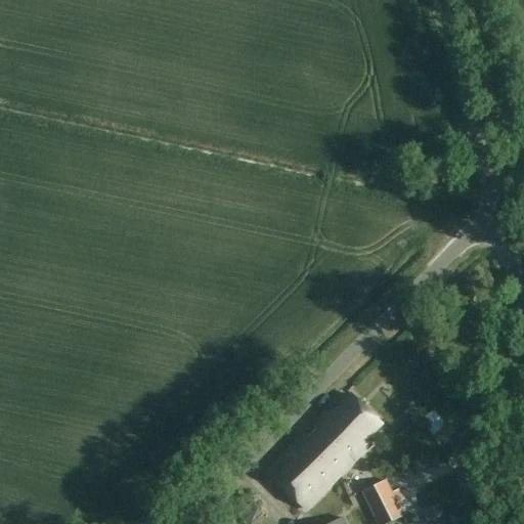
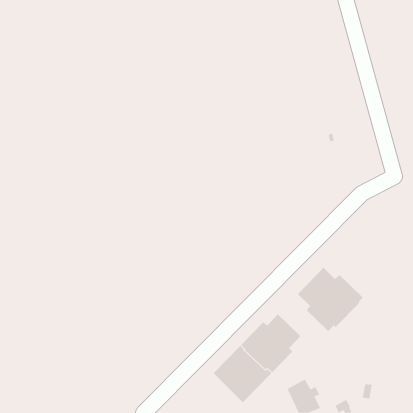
building: none -> [297,267,364,332]

